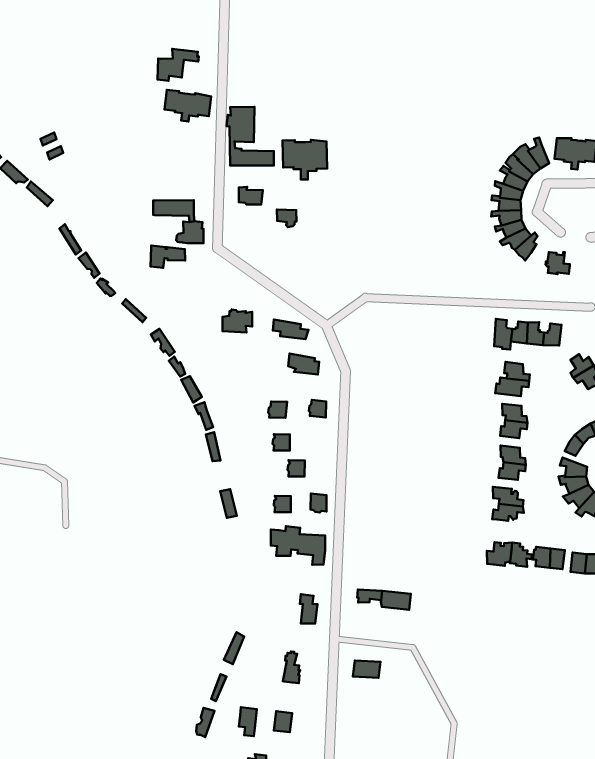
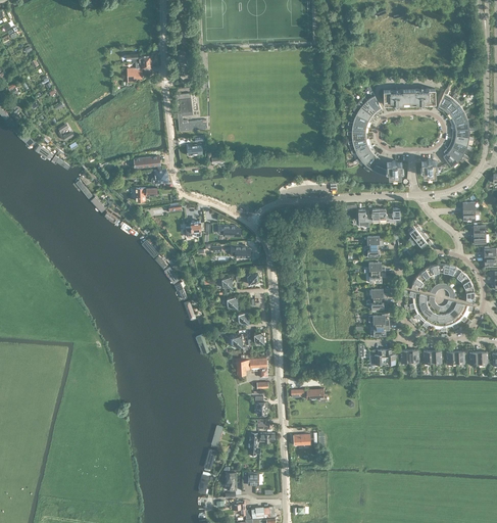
building: [164,90,211,121] -> none
building: [283,140,327,180] -> none

